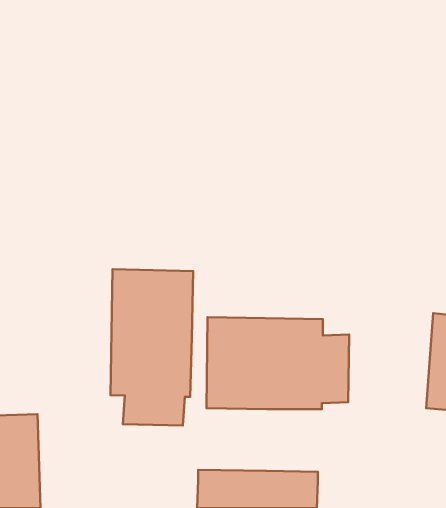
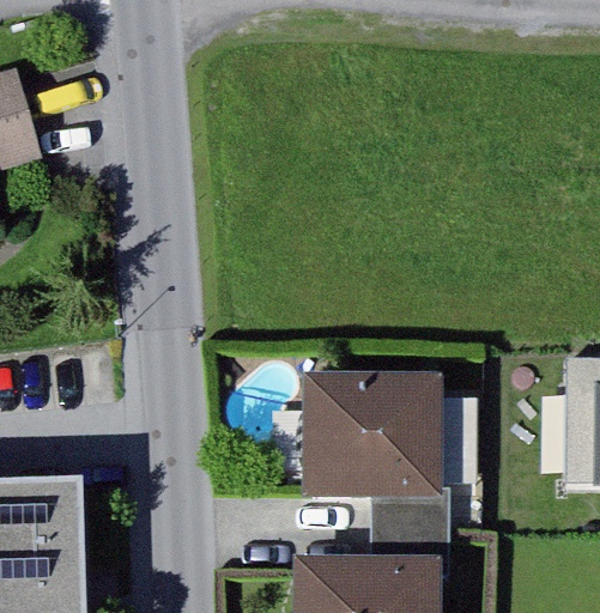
building: [110,269,193,425] -> none
building: none -> [370,488,447,573]

